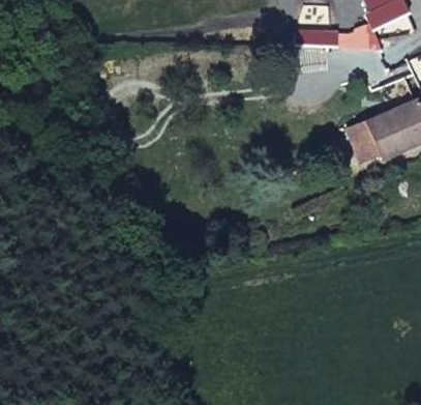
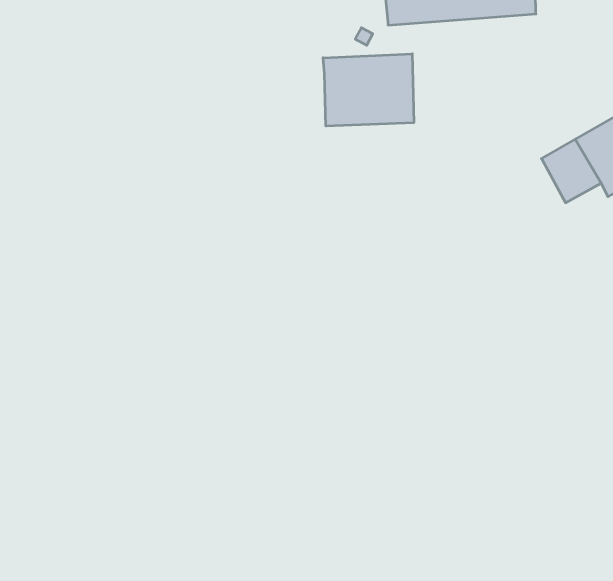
building: none -> [323,54,414,126]

